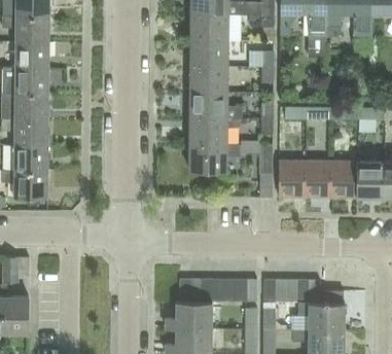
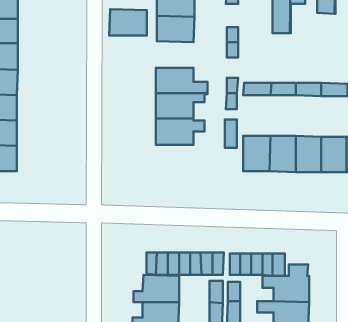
building: [189,66,227,93] -> [109,9,147,36]

